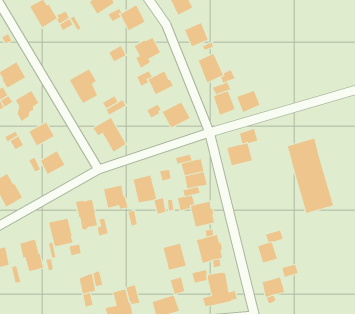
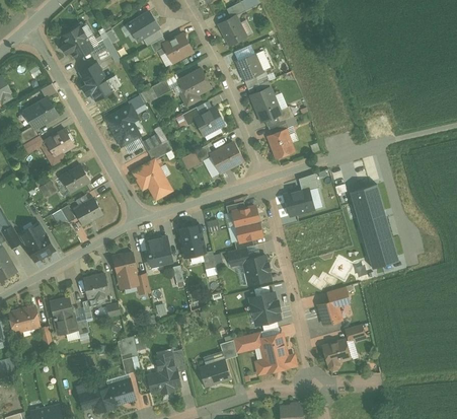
building: none -> [79,63,118,99]
building: [237,90,260,113] -> none
building: [163,243,186,270] -> none

